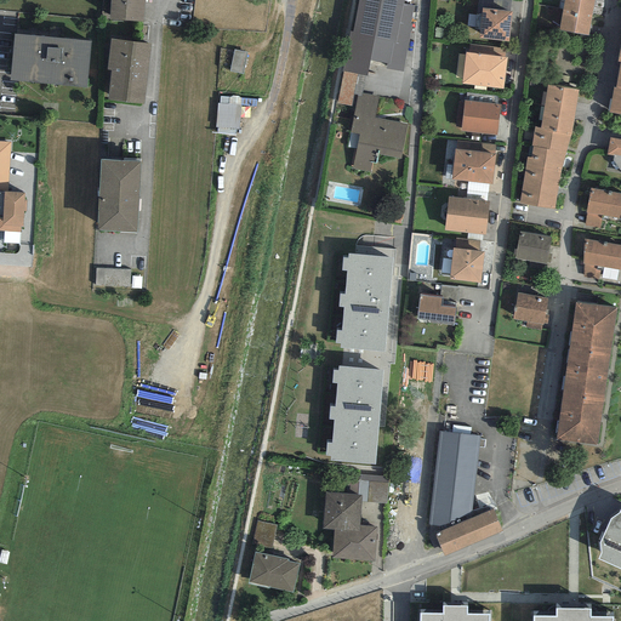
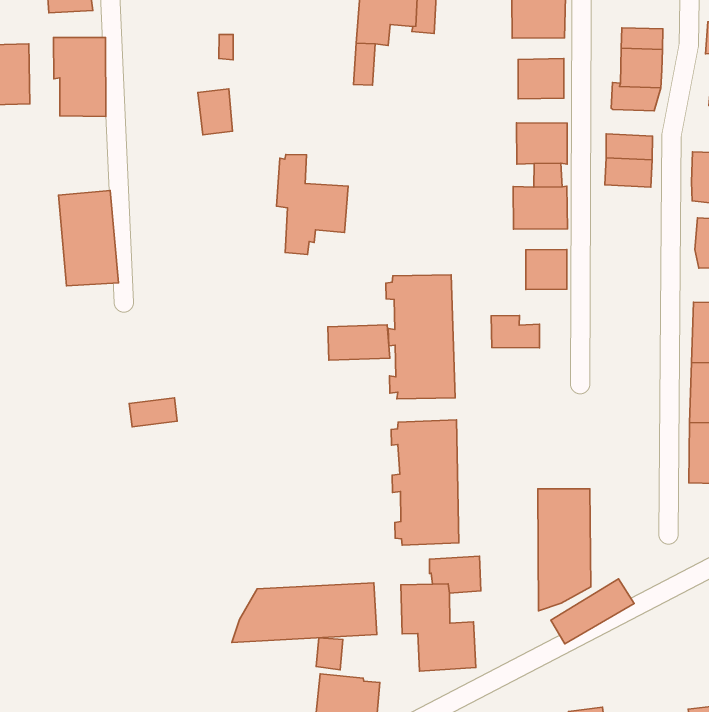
building: [351,93,408,172] -> [276,154,348,254]
building: [525,147,564,171] -> none
building: [517,232,552,270] -> none
building: [95,267,130,285] -> [129,398,177,427]
building: none -> [328,325,390,360]
building: [513,292,548,330] -> none
building: none -> [232,583,377,642]

